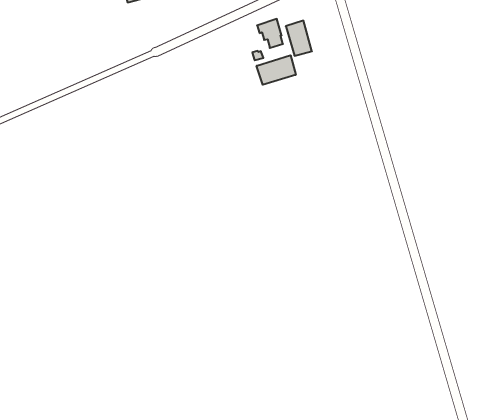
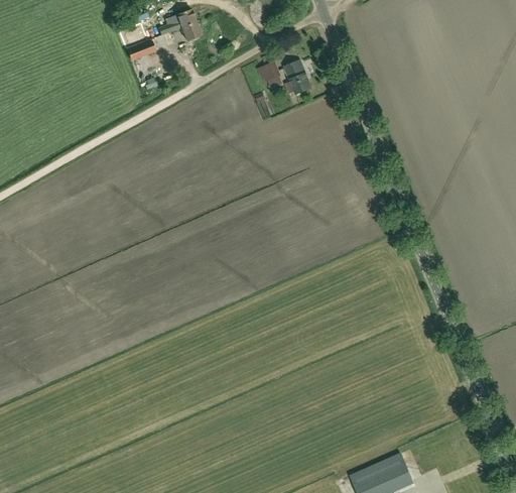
building: [257,55,296,85] -> none

